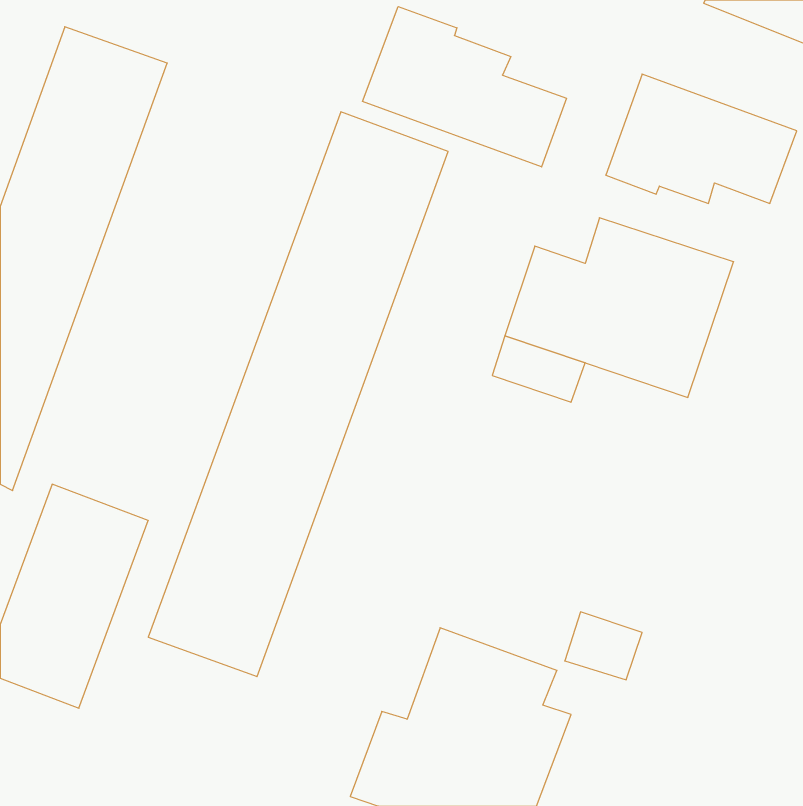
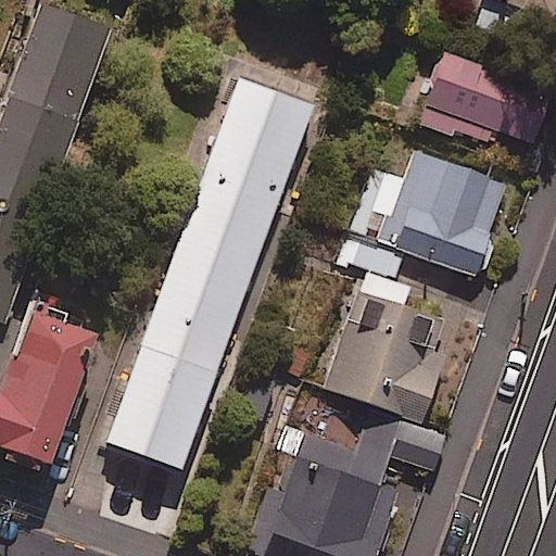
building: [363,7,567,167] -> none
building: none -> [323,289,443,419]

